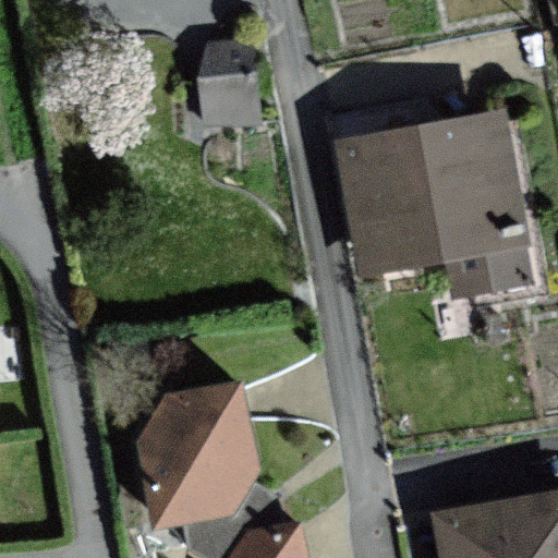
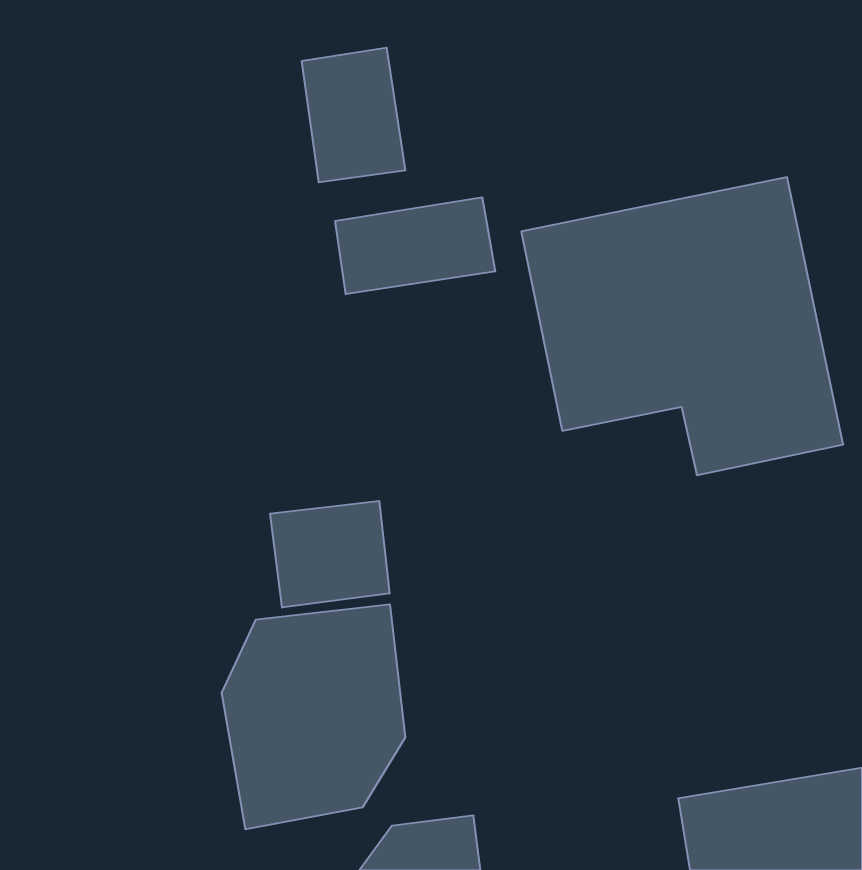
building: none -> [335,197,495,294]
building: none -> [270,501,389,608]

